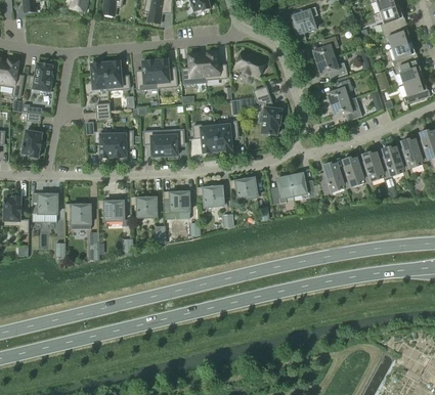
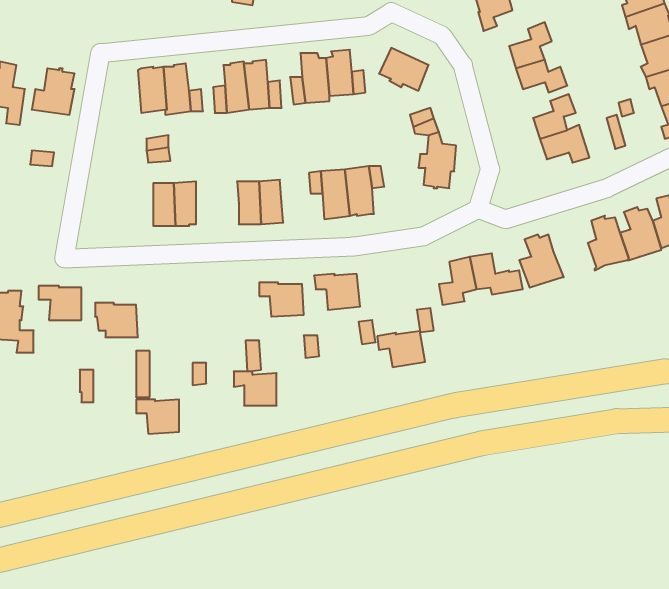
building: [21,129,42,157] -> none
building: [340,157,365,188] -> none
building: [229,177,258,199] -> [377,331,425,367]
building: [131,195,157,216] -> [234,371,277,406]
building: [98,200,124,220] -> [136,399,179,434]

